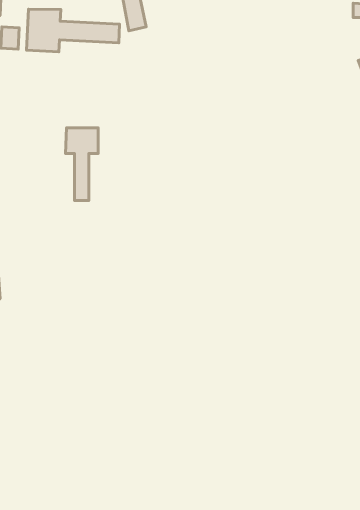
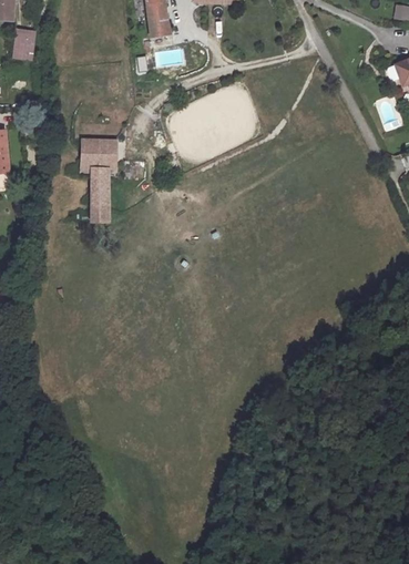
building: [27,9,120,52] -> none

